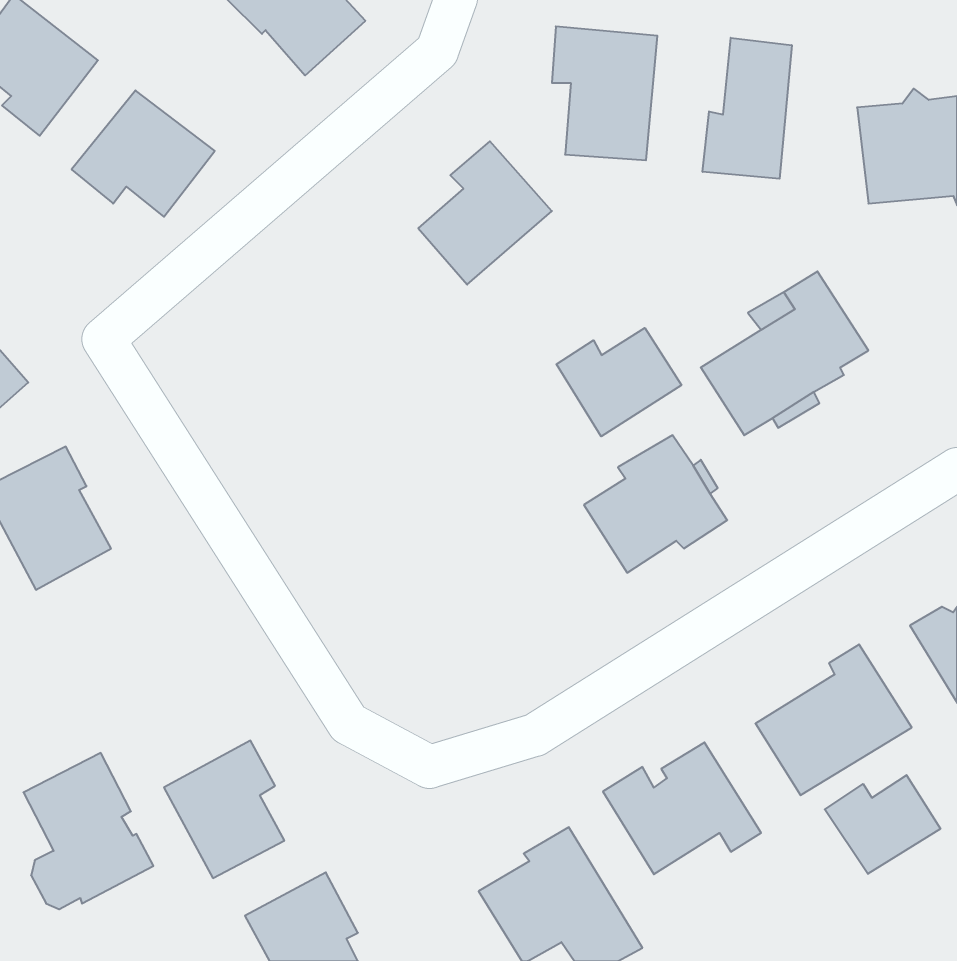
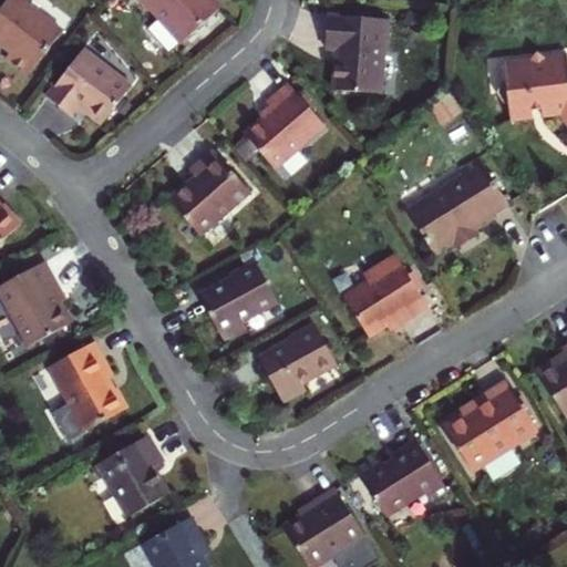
building: [703,38,792,179] -> none
building: none -> [169,148,250,235]
building: [556,328,681,436] -> none
building: none -> [199,260,277,340]
building: none -> [259,322,337,401]
building: [23,753,153,909] -> [48,340,124,432]
building: [825,775,940,874] -> none

